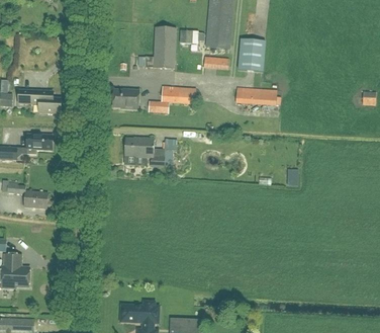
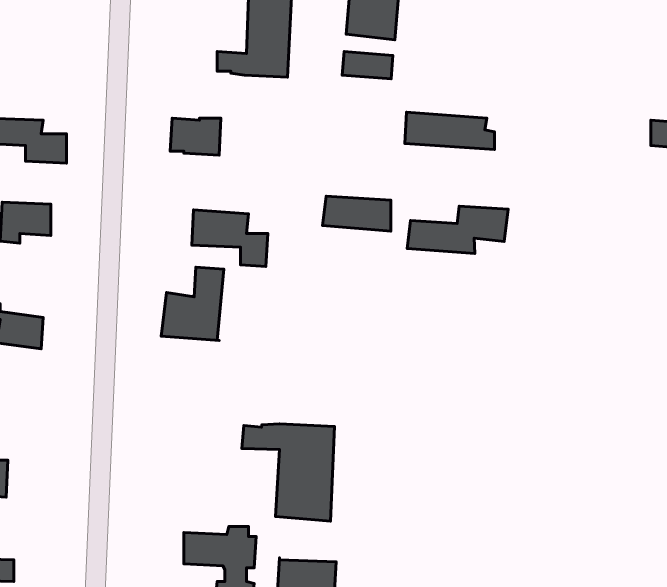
building: [236,37,265,71] -> none
building: [160,85,195,103] -> [322,196,391,231]
building: none -> [407,206,508,254]
building: none -> [161,267,224,340]
building: none -> [242,424,334,521]

